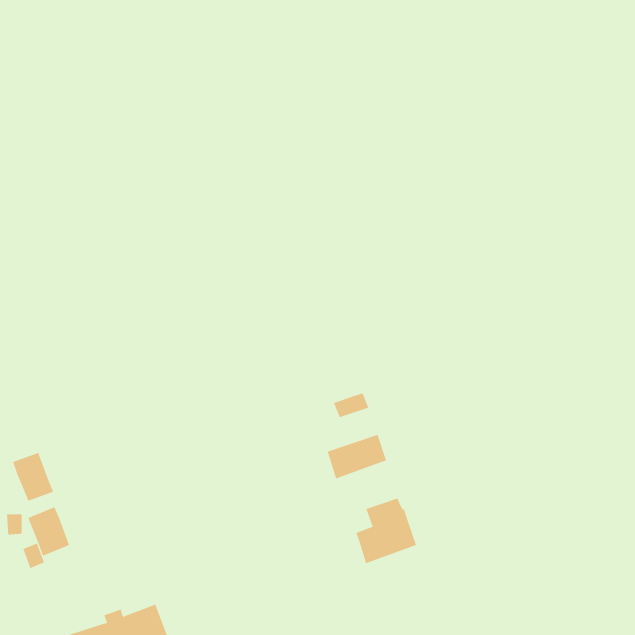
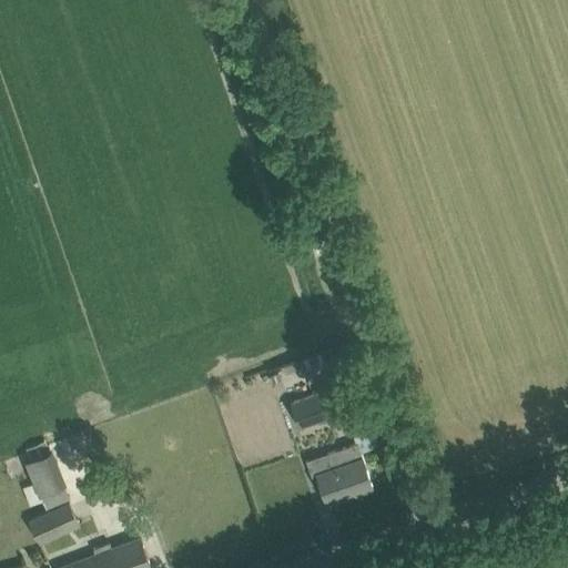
building: [13,452,54,501] -> none
building: none -> [27,504,77,545]

